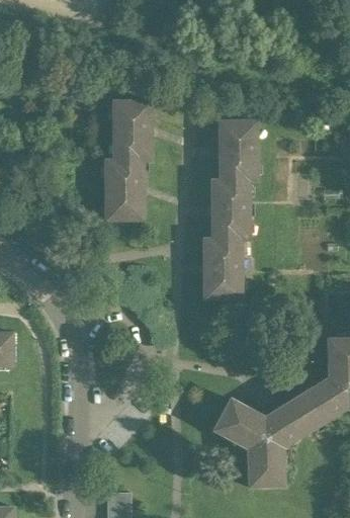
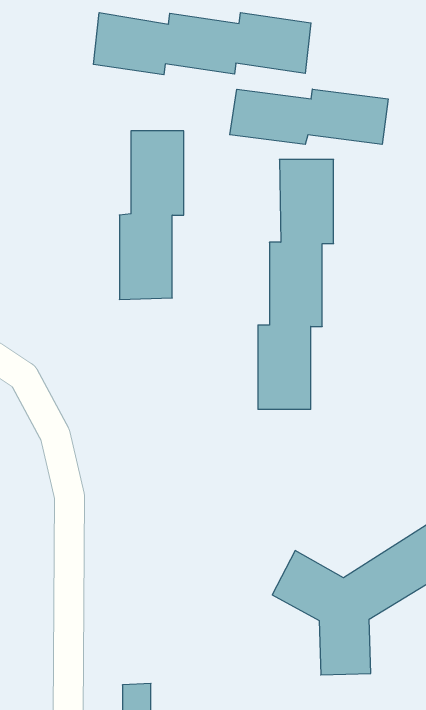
building: none -> [93,13,311,75]
building: none -> [230,89,388,144]

